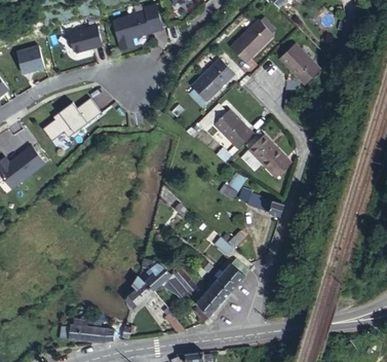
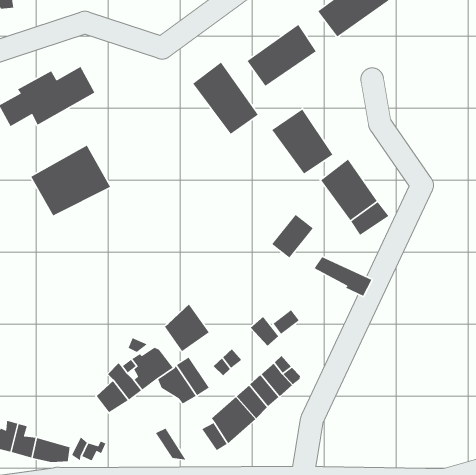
building: [277,43,317,84] -> none
building: none -> [192,62,259,135]
building: none -> [30,144,111,216]
building: none -> [164,304,210,352]

